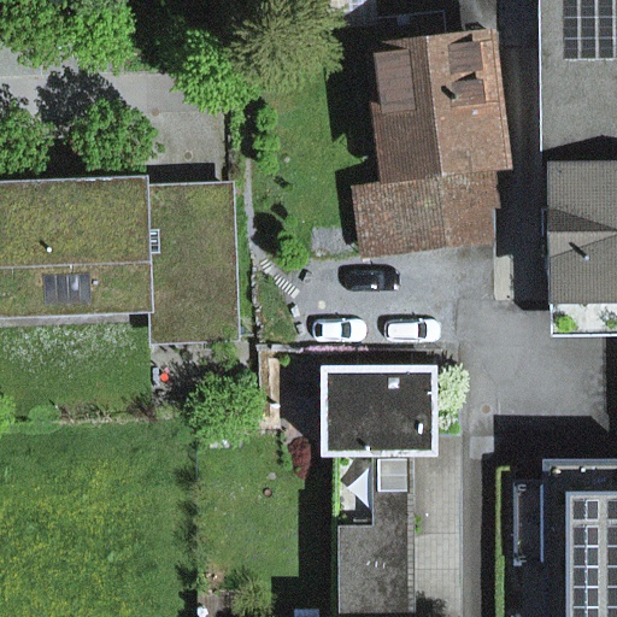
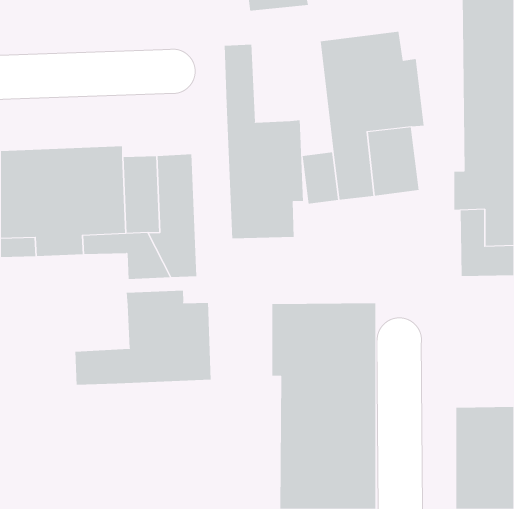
building: none -> [224,44,304,239]
building: none -> [75,290,211,386]

